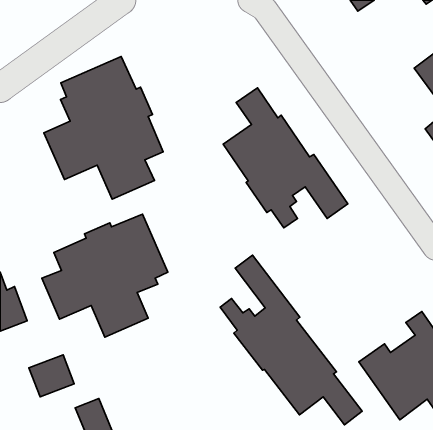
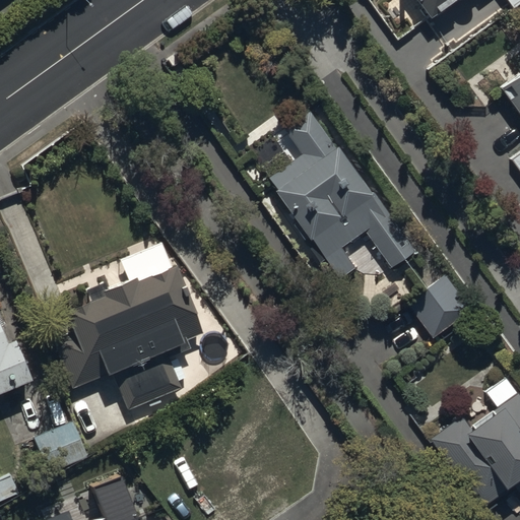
building: [44,56,163,199] -> none
building: none -> [406,278,474,346]
building: [220,255,362,425] -> none

